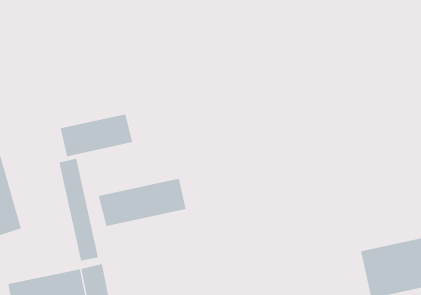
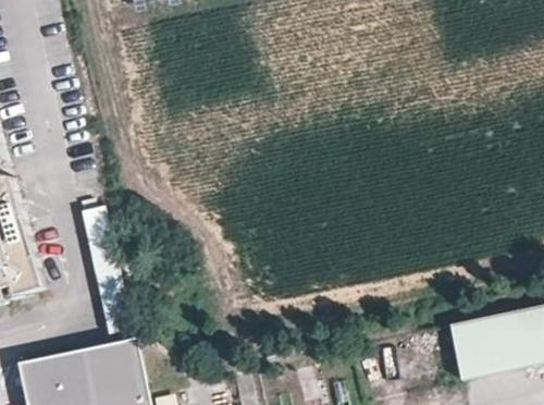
building: [60,113,133,157] -> none
building: [98,178,186,227] -> none

